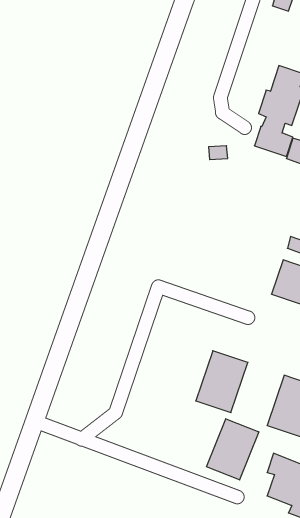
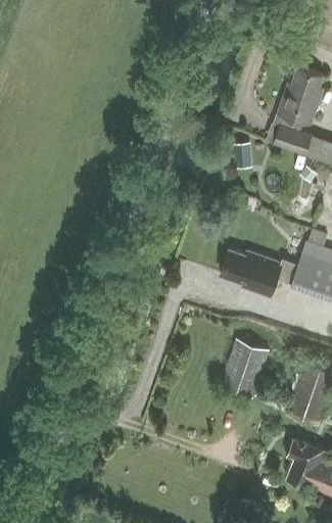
building: none -> [222,249,283,296]
building: [207,419,259,480] -> none

